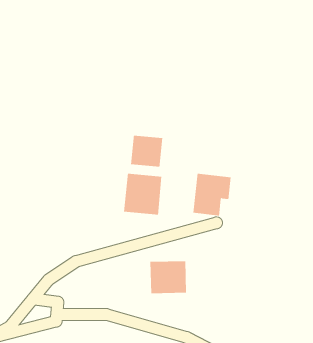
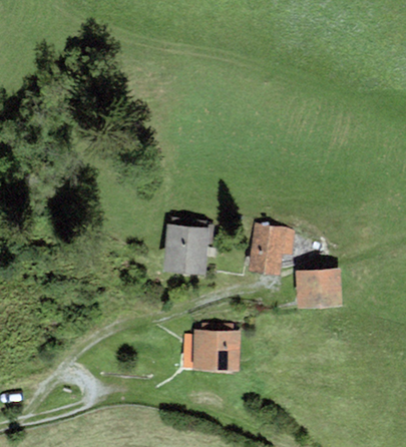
building: [131,135,163,167] -> none
building: none -> [296,269,342,308]

